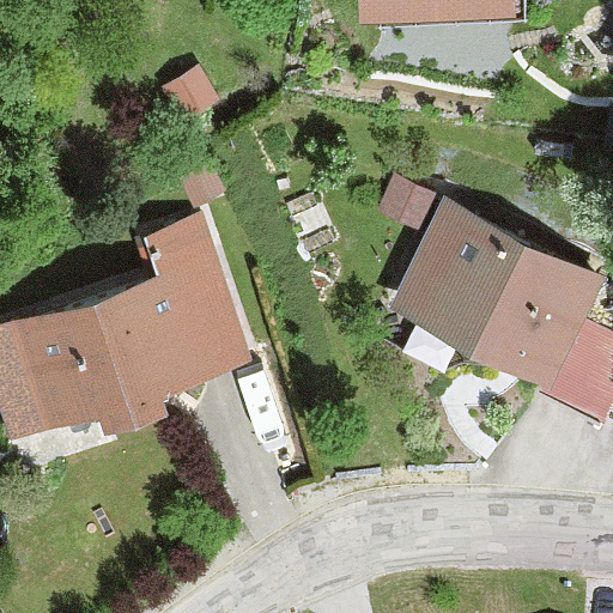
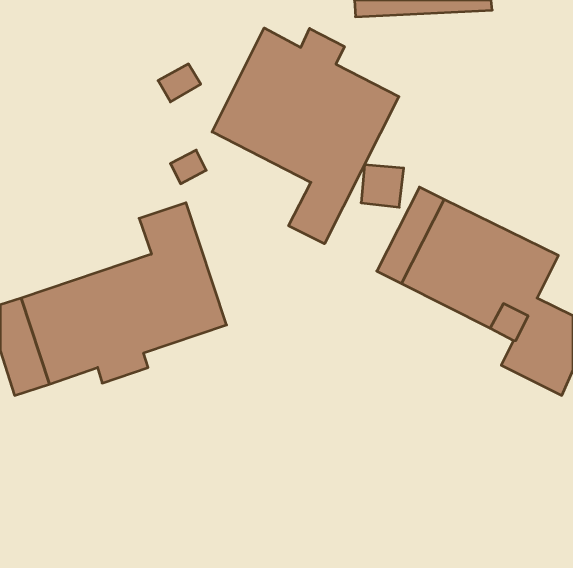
building: none -> [212,28,399,244]

